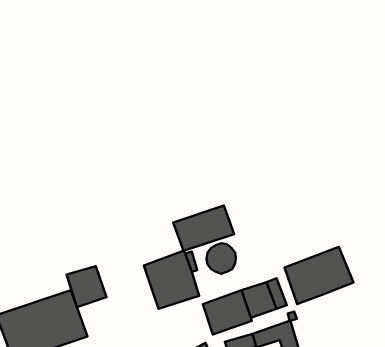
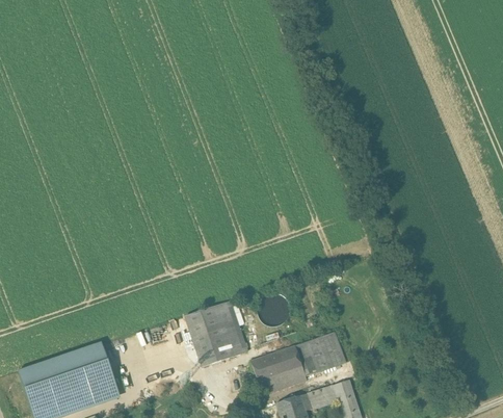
building: [173,205,234,251] -> none
building: [284,247,353,304] -> none
building: [66,266,106,307] -> none

